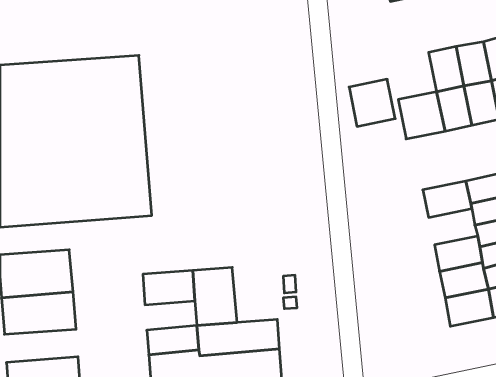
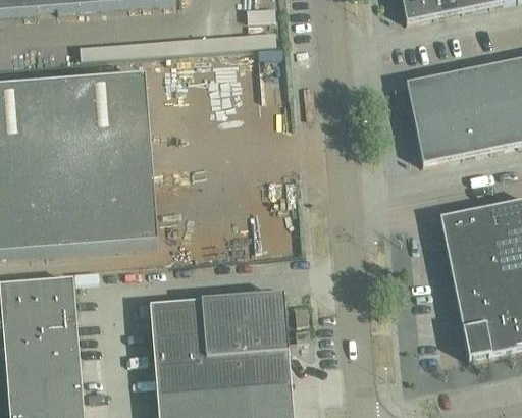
building: [349,79,395,126] -> [406,71,454,120]
building: none -> [446,233,497,271]
building: none -> [242,291,289,352]
building: none -> [151,329,205,360]
building: none -> [5,359,82,394]

